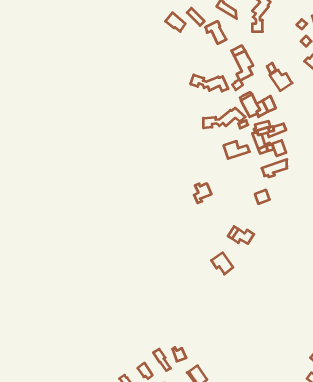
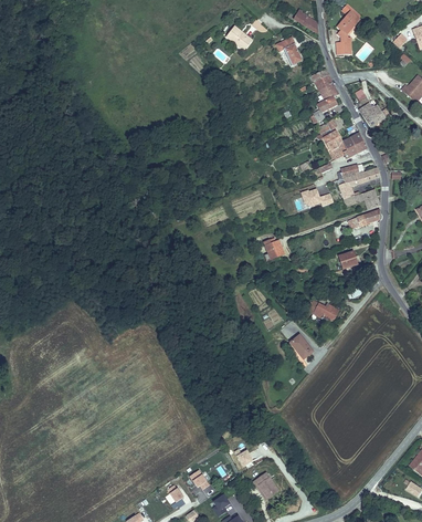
building: [191,75,228,91] -> none
building: [203,108,245,128] -> none

